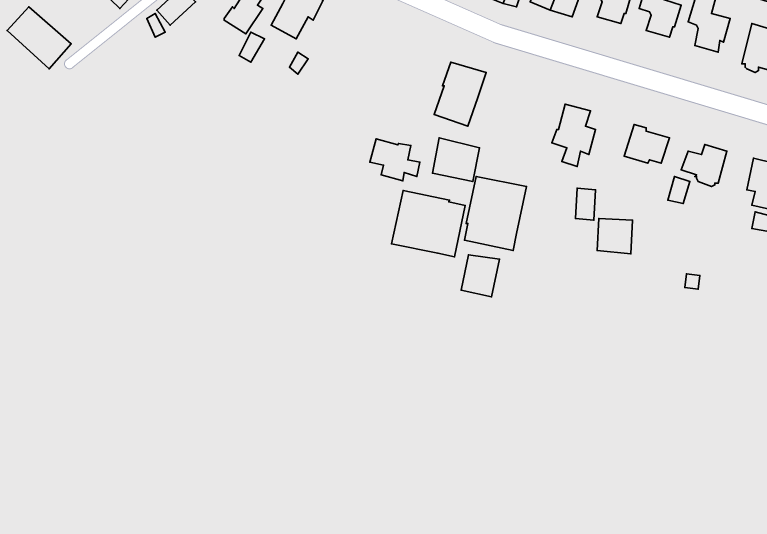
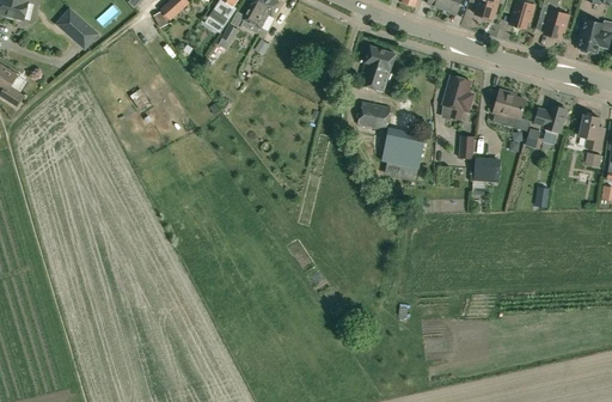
building: [370,139,420,181] -> none
building: [391,191,465,257] -> none
building: [461,255,499,297] -> none

